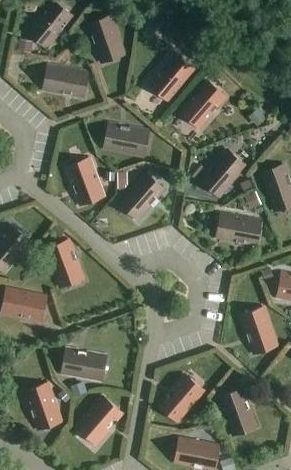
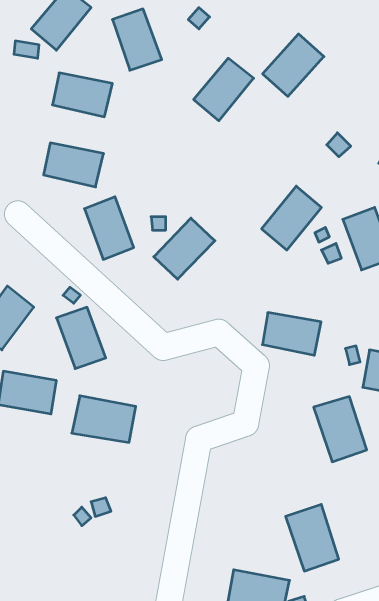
building: [179,79,225,126] -> [263,34,324,96]
building: [104,122,149,155] -> [44,143,104,187]
building: [217,212,261,244] -> [262,313,321,355]
building: [60,347,108,382] -> [72,396,136,442]
building: [157,373,206,424] -> none
building: [23,381,64,431] -> none
building: [75,395,125,446] -> none

